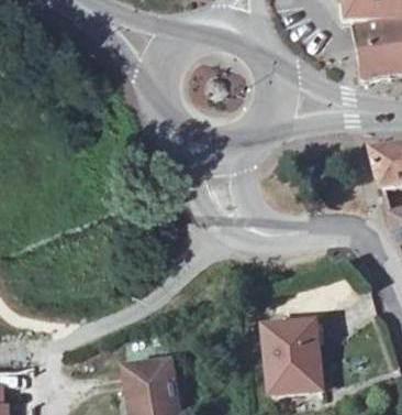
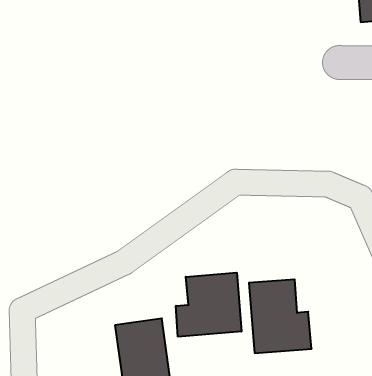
building: none -> [176,273,241,337]

